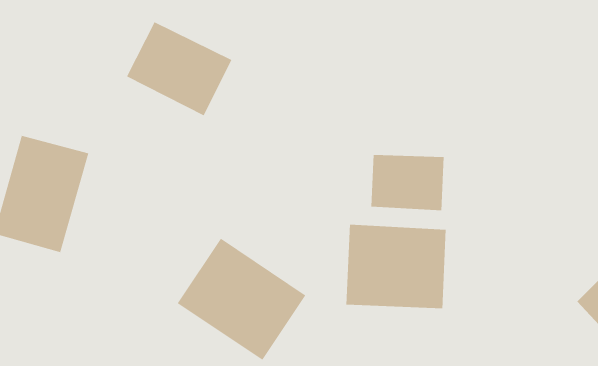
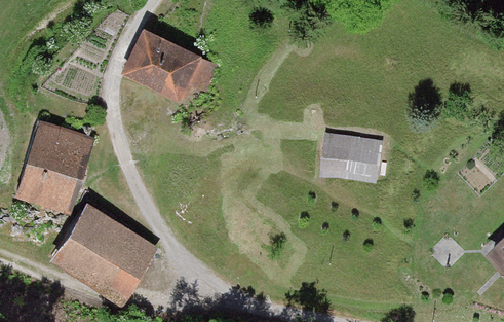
building: [346,224,446,309] -> none
building: [177,238,306,361] -> [53,203,157,301]

